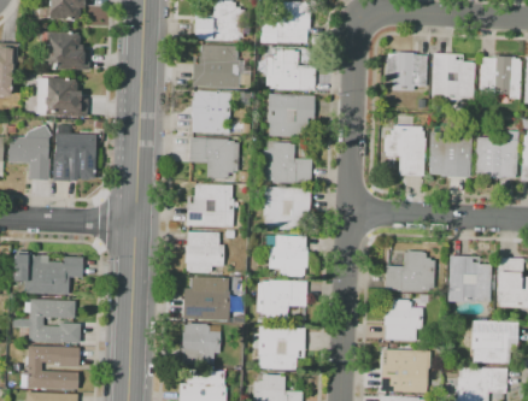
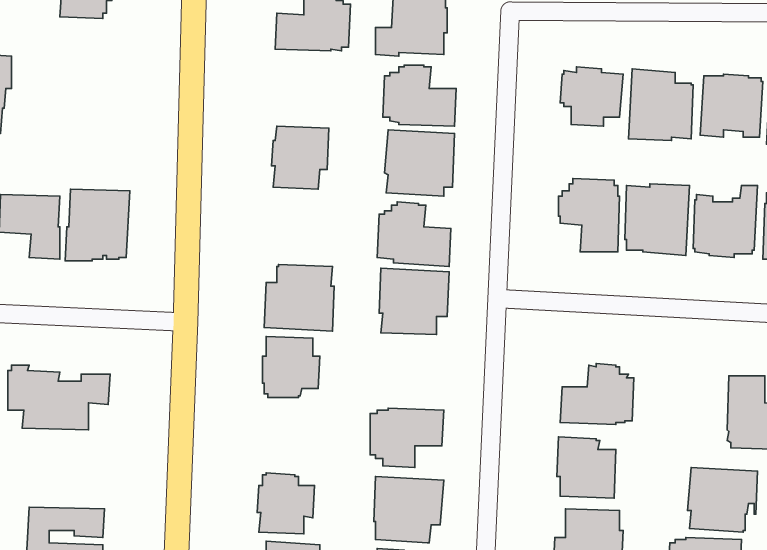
building: [48,33,90,70] -> none
building: [193,45,240,88] -> none
building: [46,78,88,117] -> none
building: [189,138,239,179] -> none
building: [266,235,309,278] -> none
building: [448,256,492,303] -> none
building: [183,277,230,320] -> none
building: [29,300,81,343] -> none

